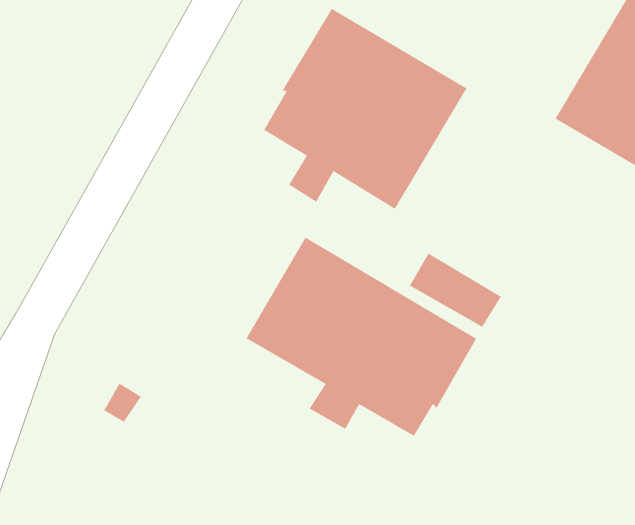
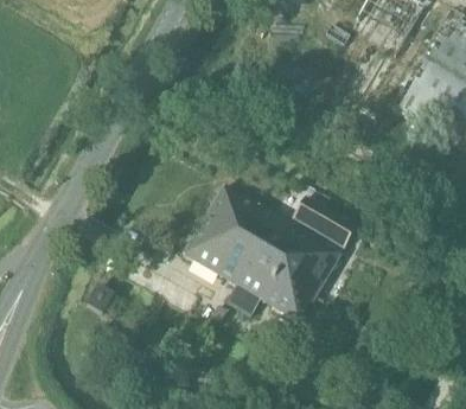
building: [263,8,468,210] -> none

